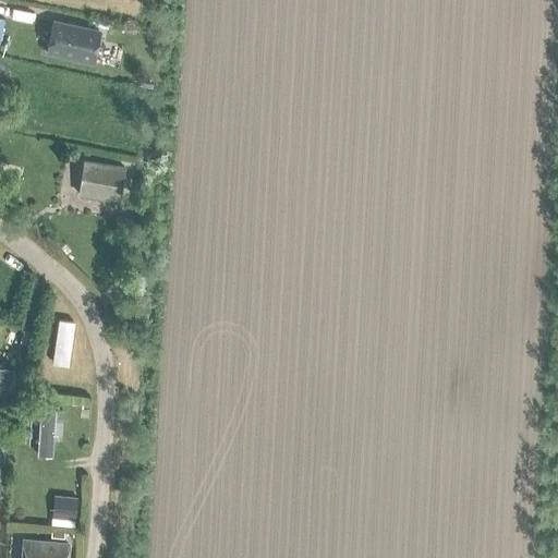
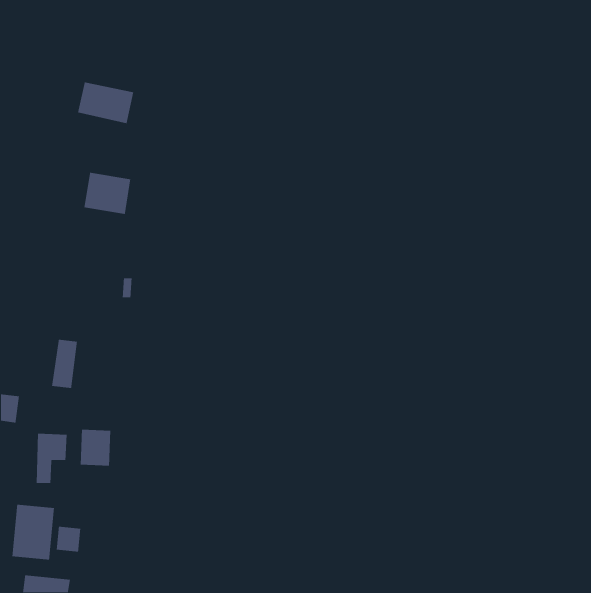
building: [48,23,101,63] -> [77,81,134,124]
building: none -> [80,429,111,467]
building: none -> [11,504,55,561]

